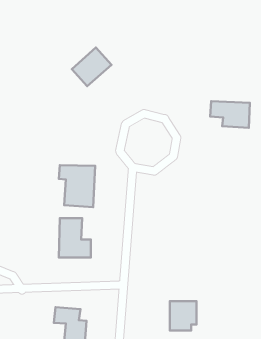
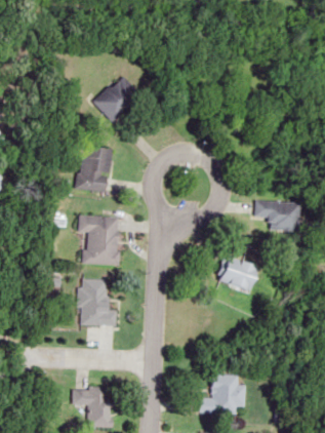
building: [210,101,250,128] -> [254,200,301,232]
building: none -> [77,146,113,193]
building: none -> [218,257,261,290]

